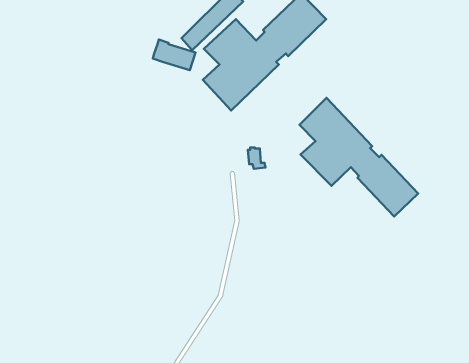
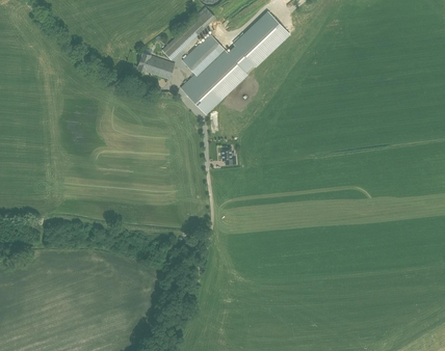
building: [299,98,418,216] -> none

